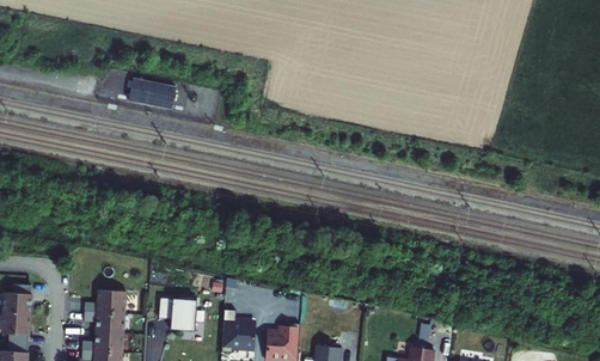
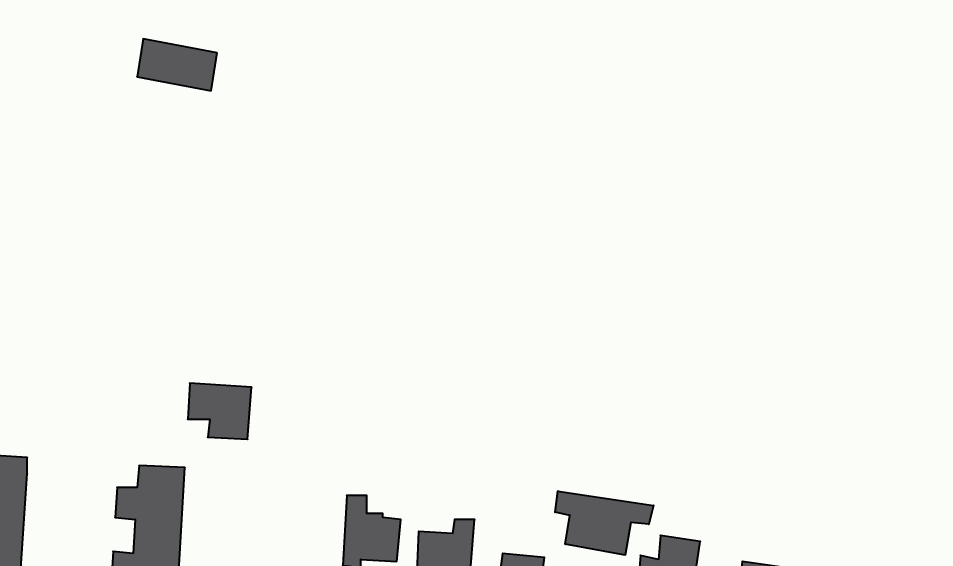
building: [129,78,177,109] -> [137,39,217,91]
building: [158,298,196,331] -> [188,383,252,439]
building: none -> [555,491,654,555]

